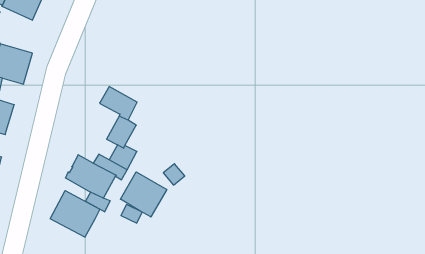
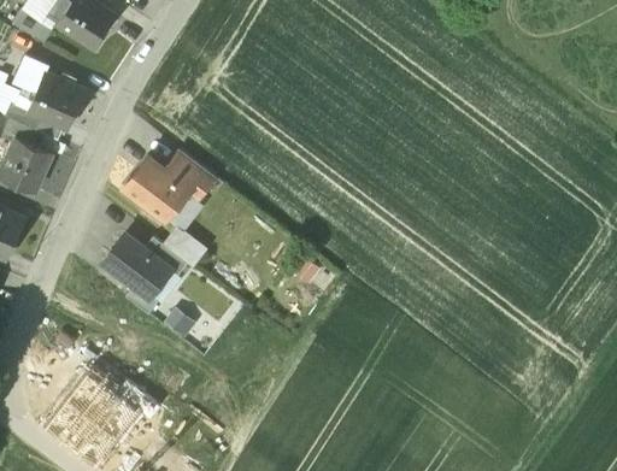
building: none -> [123,154,188,218]
building: [120,172,167,217] -> none
building: [50,191,100,237] -> none

